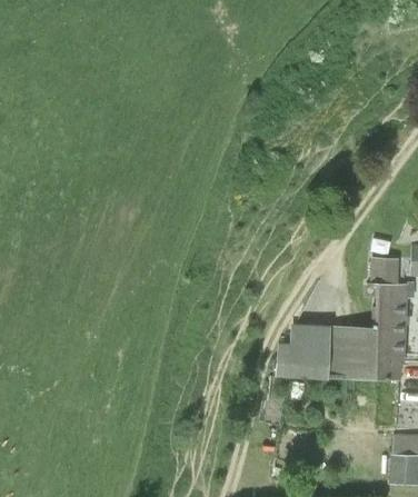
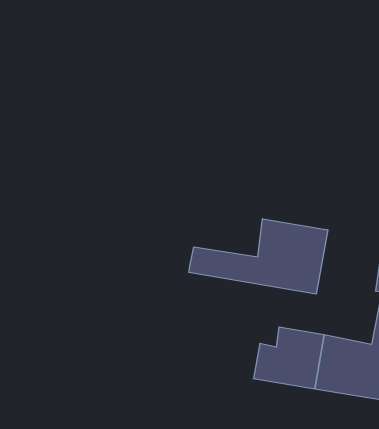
building: none -> [189,219,328,294]

